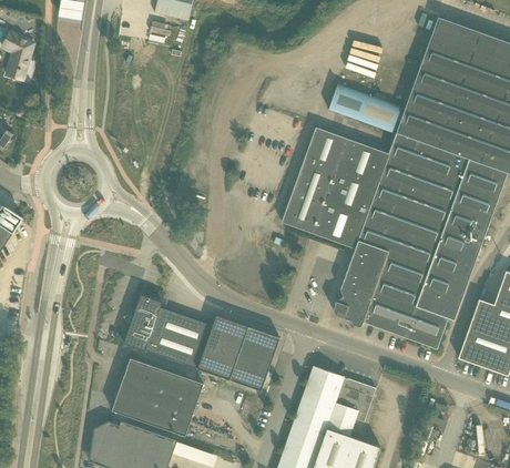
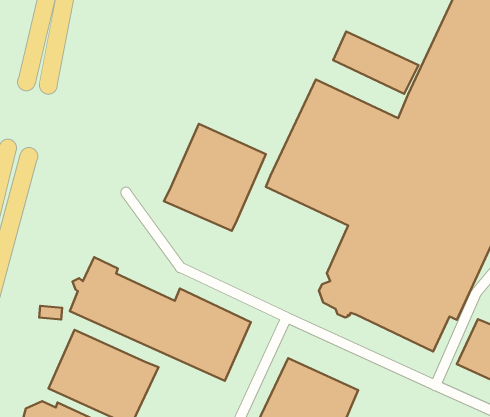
building: none -> [164,124,266,231]

